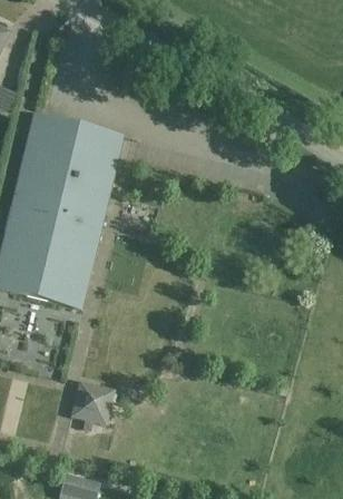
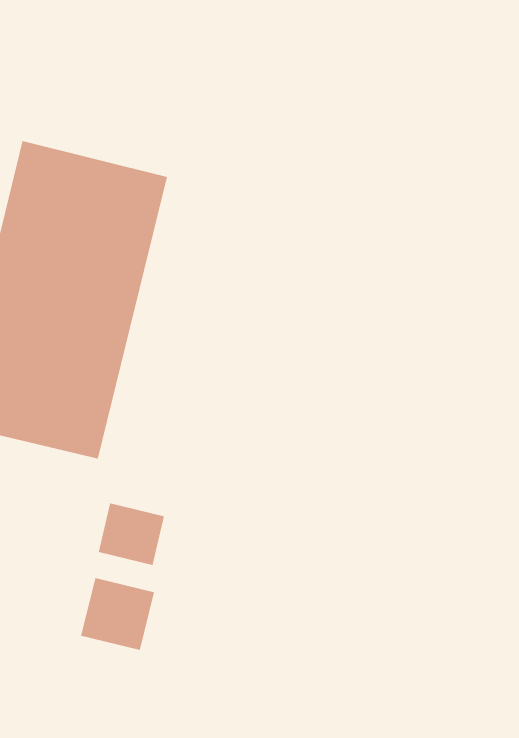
building: none -> [98,503,164,566]

